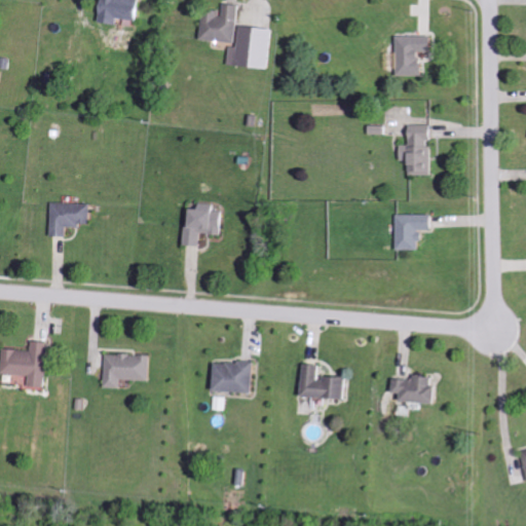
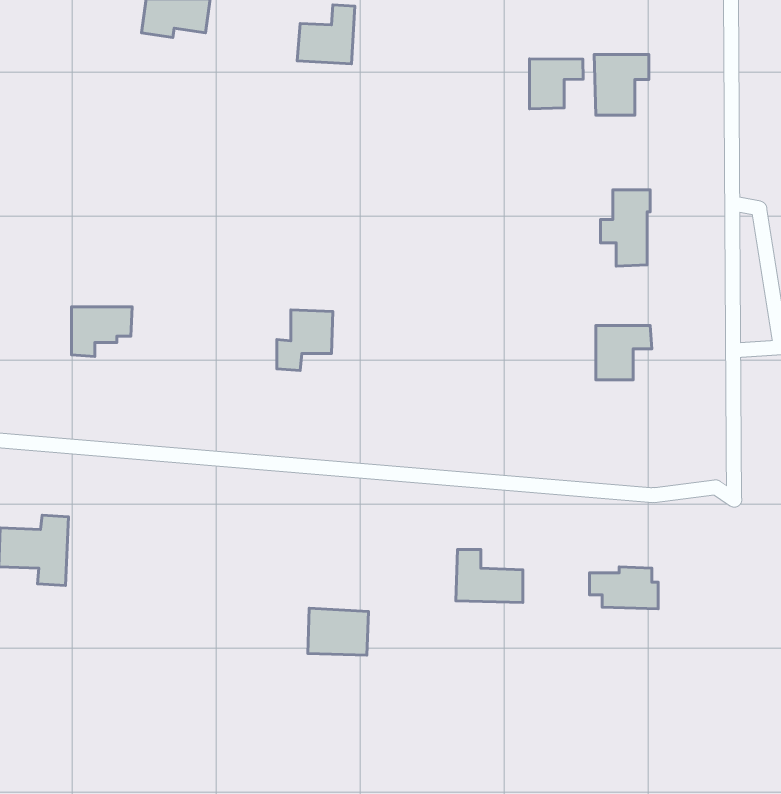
building: [225,27,268,68] -> none
building: none -> [529,59,583,109]
building: [100,352,146,387] -> none
building: [212,361,252,391] -> [308,608,368,655]

